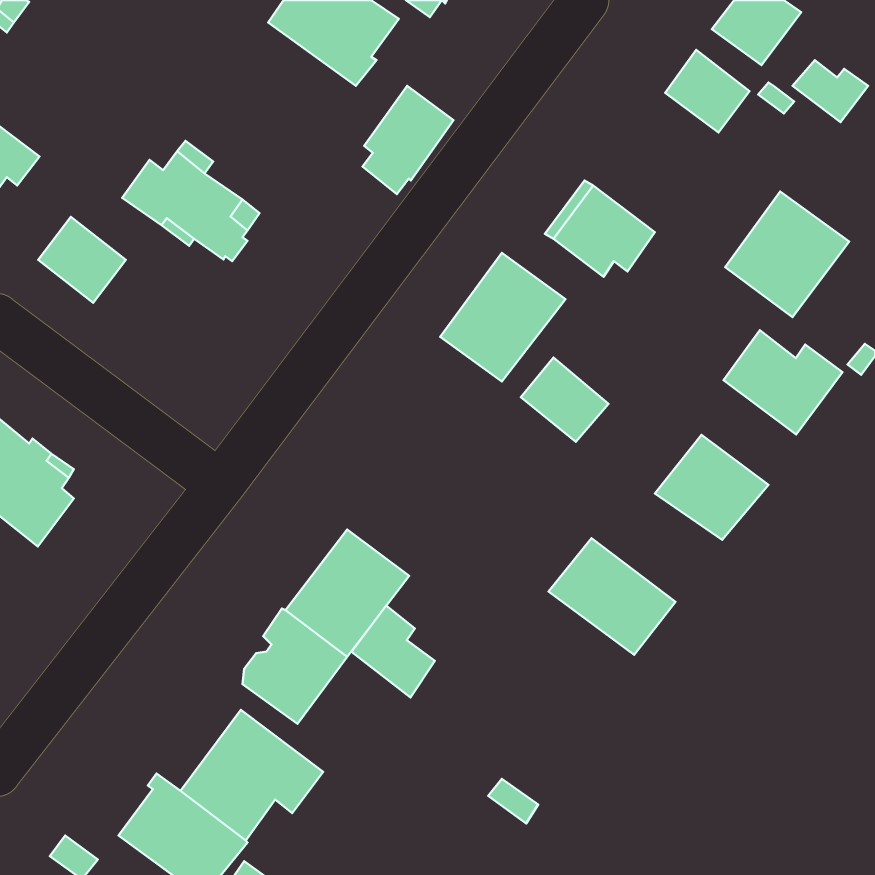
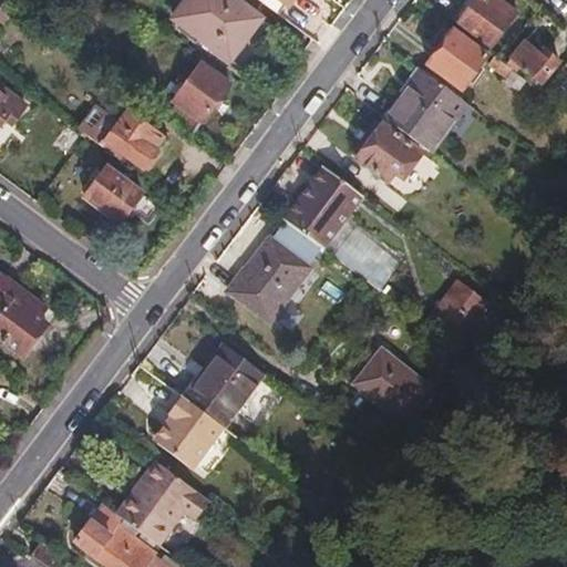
building: [363,86,454,194] -> [168,61,227,131]
building: [725,192,849,317] -> [386,70,466,151]
building: [38,217,126,303] -> [85,167,142,223]
building: [723,330,843,435] -> none
building: none -> [228,236,310,321]
building: [351,606,435,697] -> none

